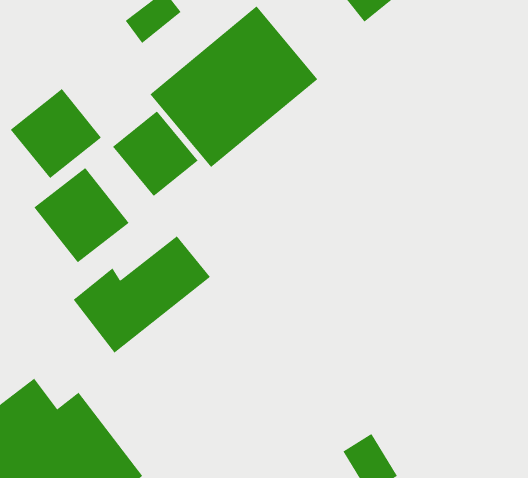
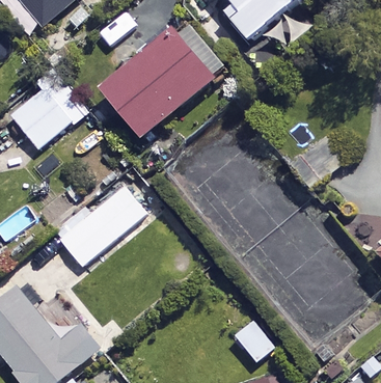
building: [112,111,199,197] -> none
building: [33,167,130,263] -> none

